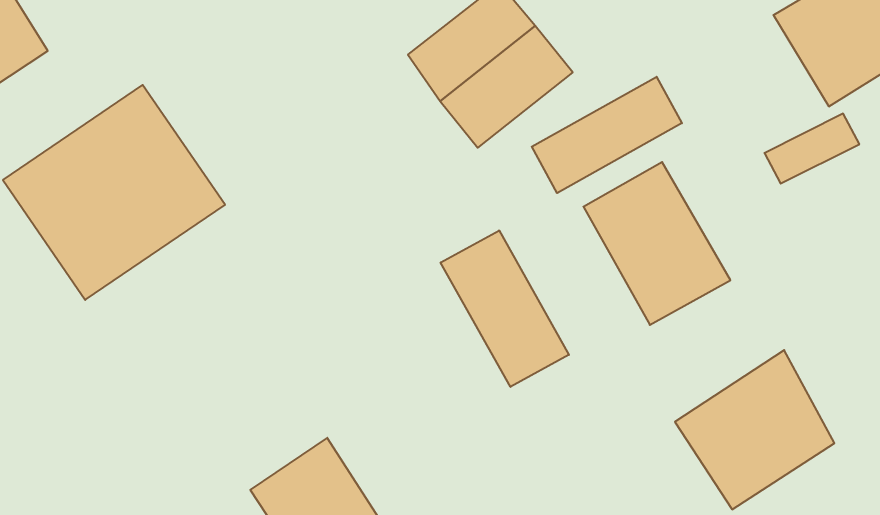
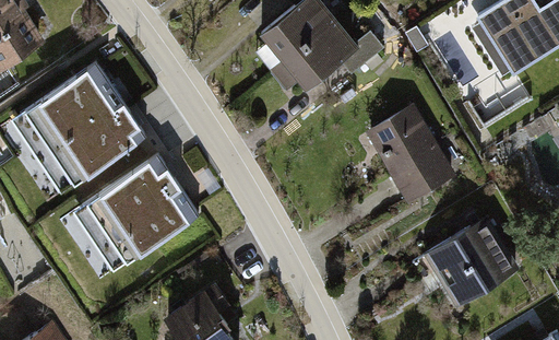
building: [532,77,682,193] -> none
building: [441,230,569,387] -> none
building: none -> [73,150,199,267]

